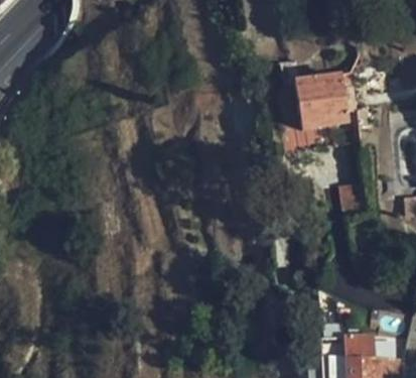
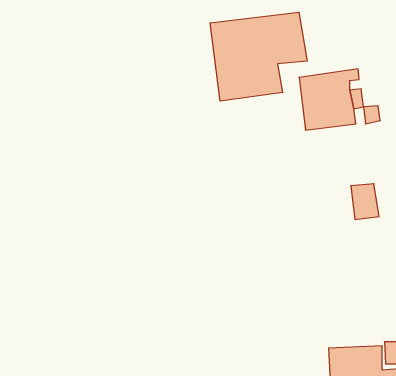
building: none -> [210,12,307,101]

